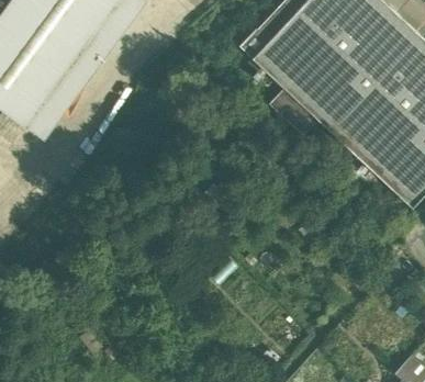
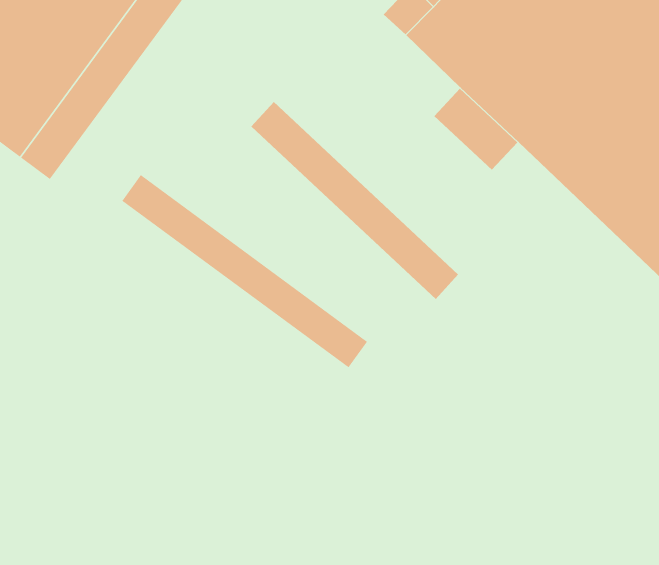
building: none -> [251,101,459,300]
building: none -> [122,174,368,368]

